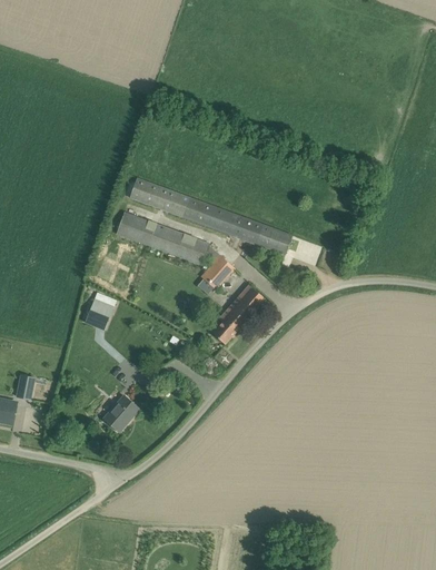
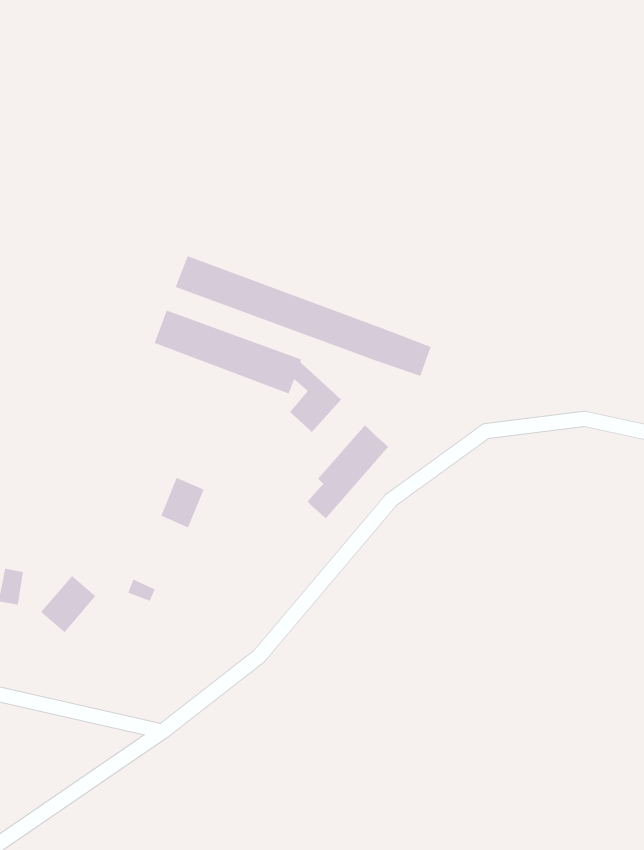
building: [86,298,113,331] -> [160,477,204,528]
building: [103,395,139,432] -> [40,575,96,633]

